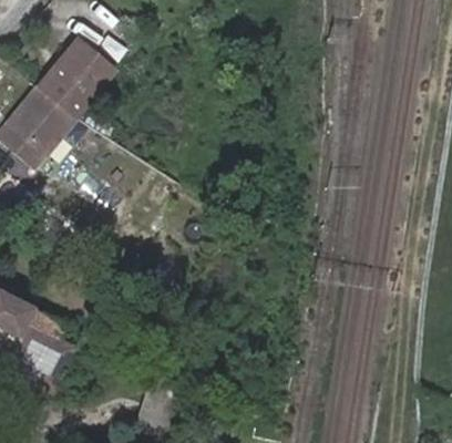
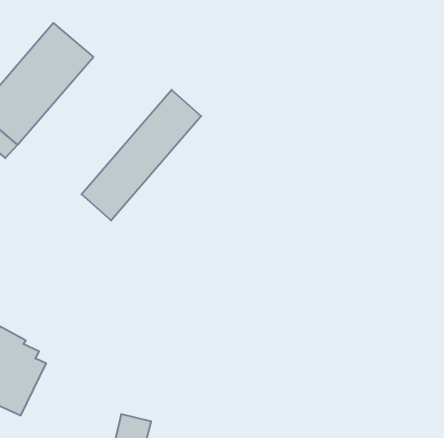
building: none -> [81,90,201,221]

